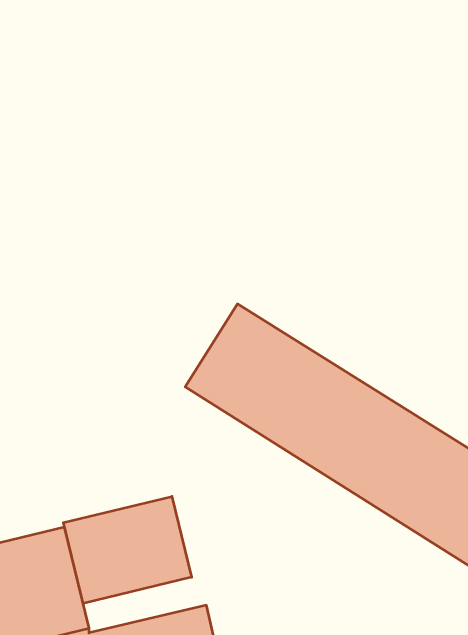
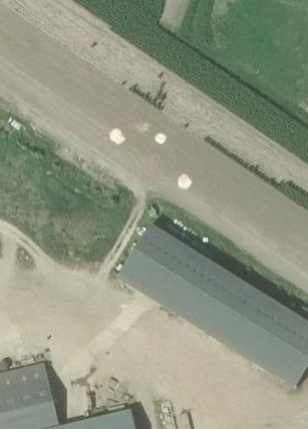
building: [63,496,192,604] -> none

